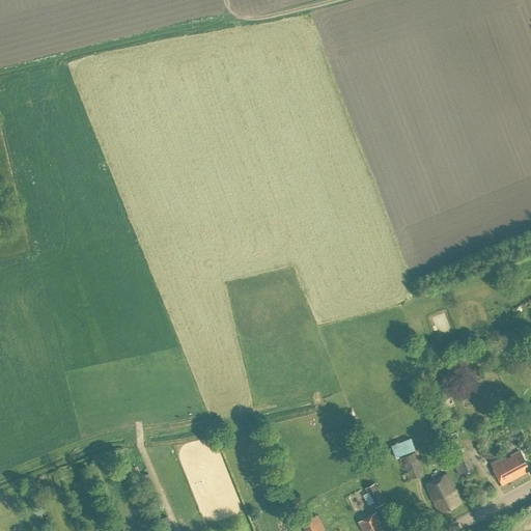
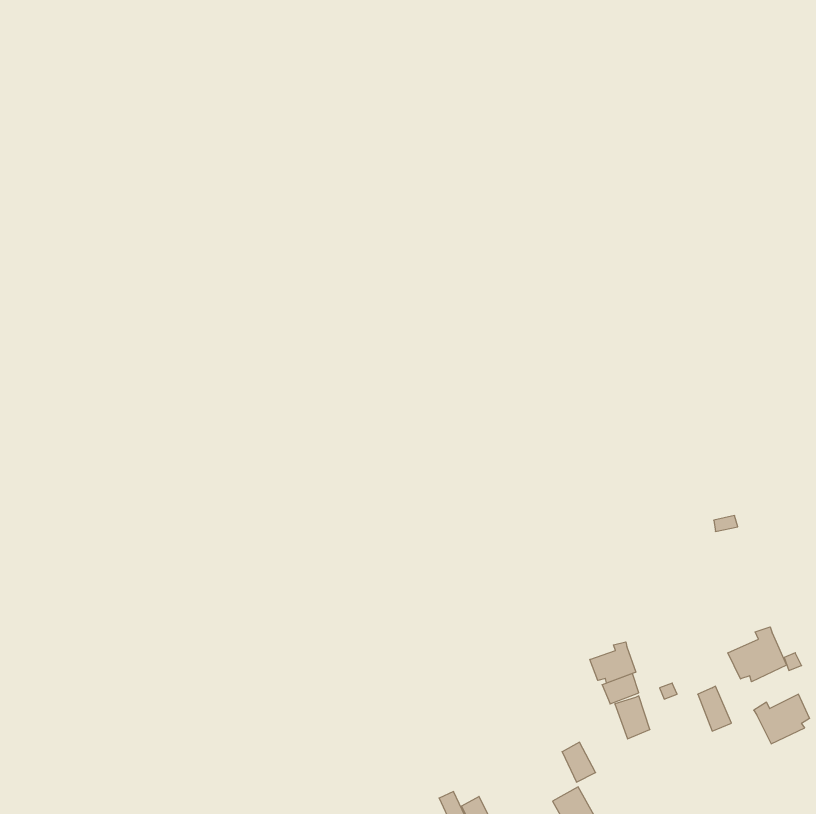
building: none -> [728,627,787,682]
building: none -> [590,642,636,683]
building: [425,475,460,515] -> none

